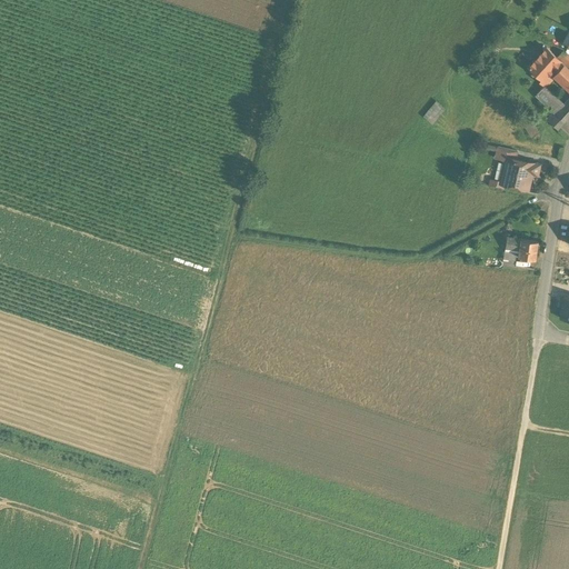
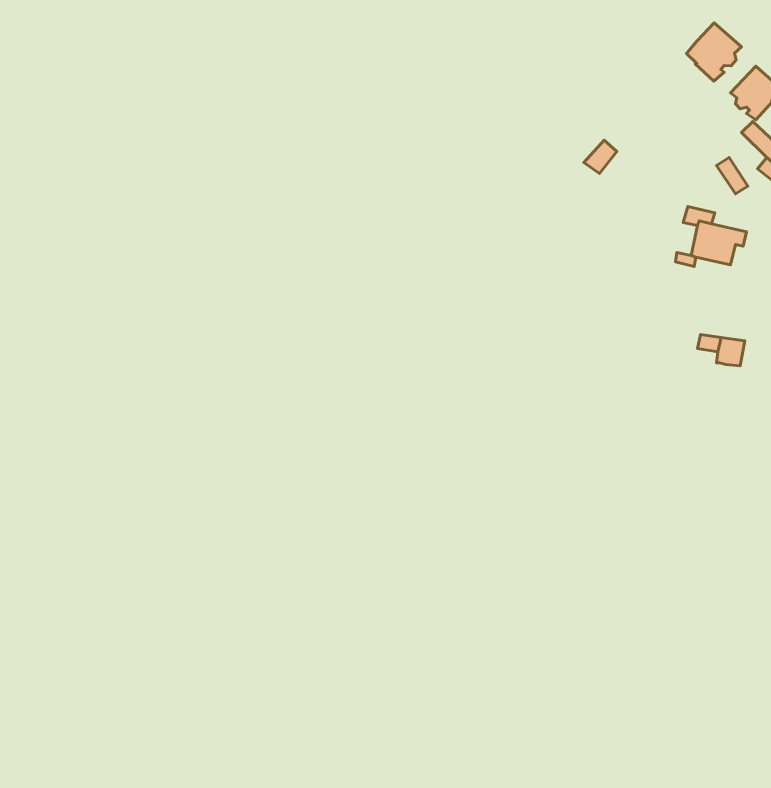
building: none -> [687,23,742,81]

